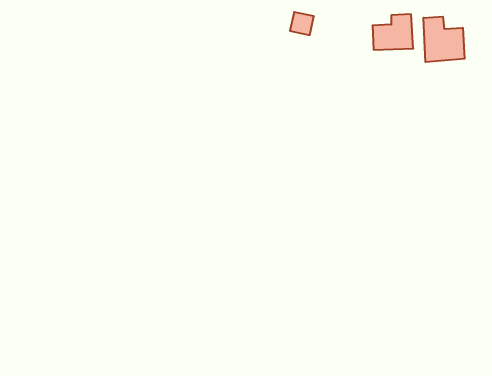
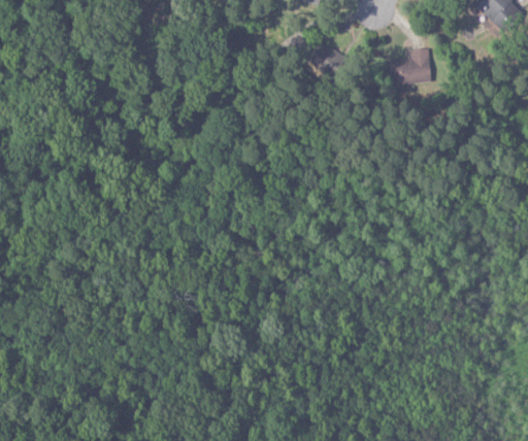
building: [423,17,465,62] -> none

